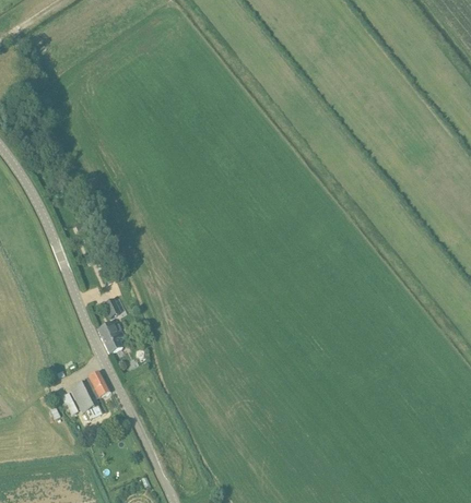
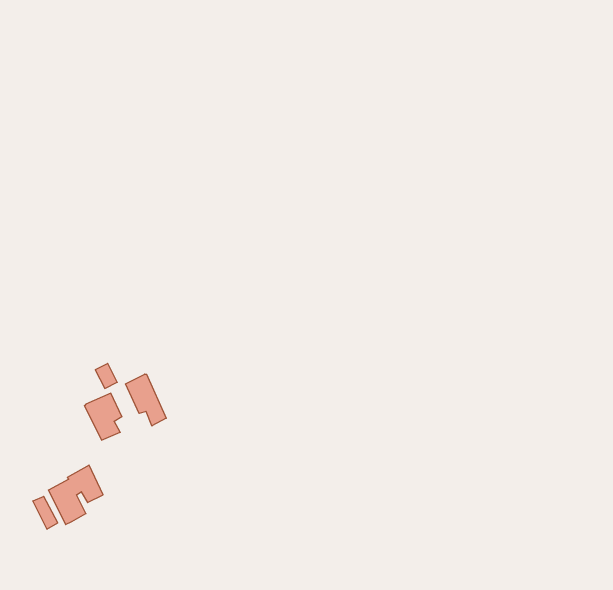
building: none -> [125,374,166,426]

